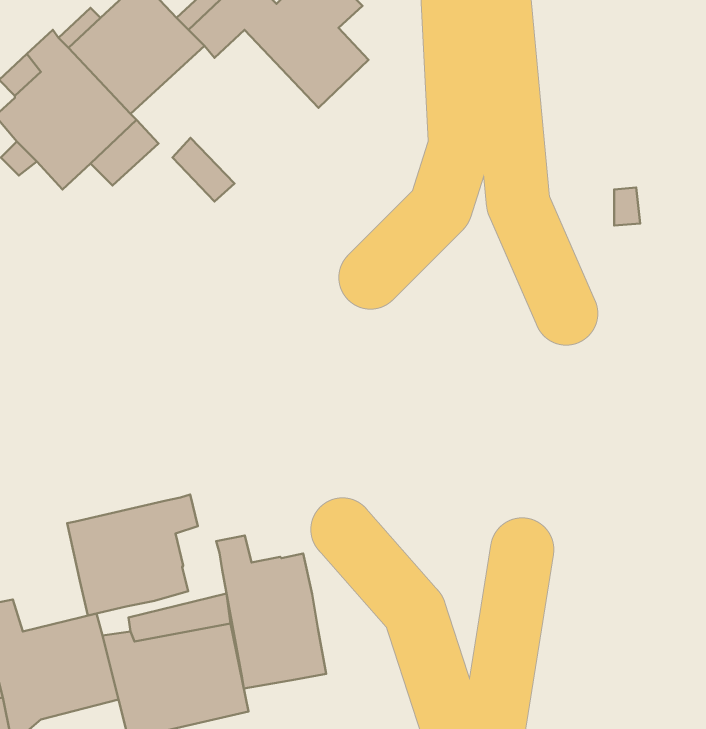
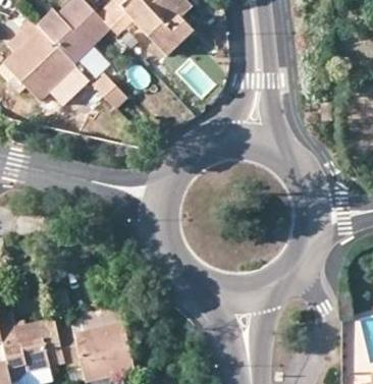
building: [67,494,198,615] -> none
building: [216,535,326,688] -> none

